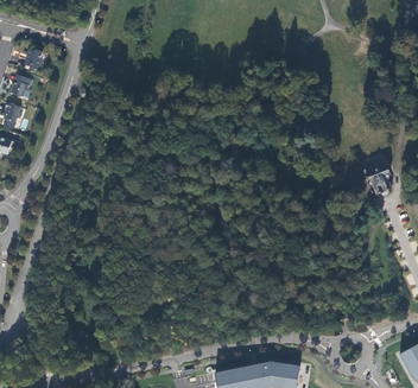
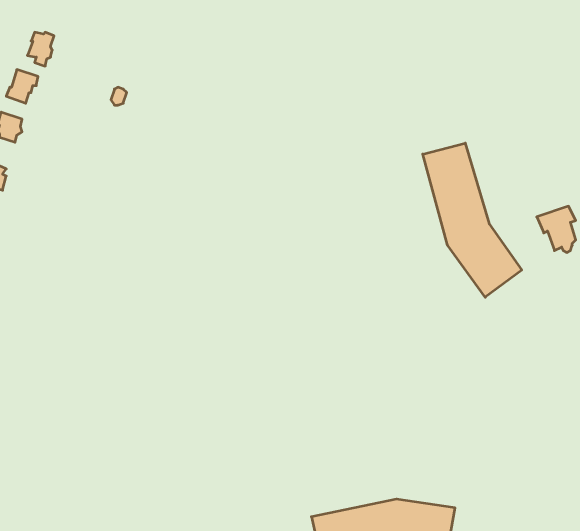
building: none -> [423,143,522,297]

